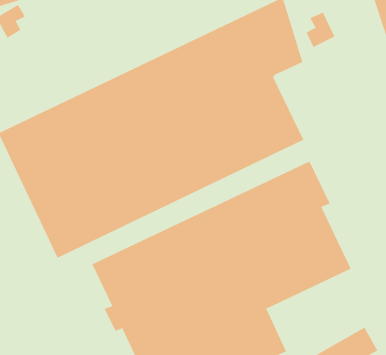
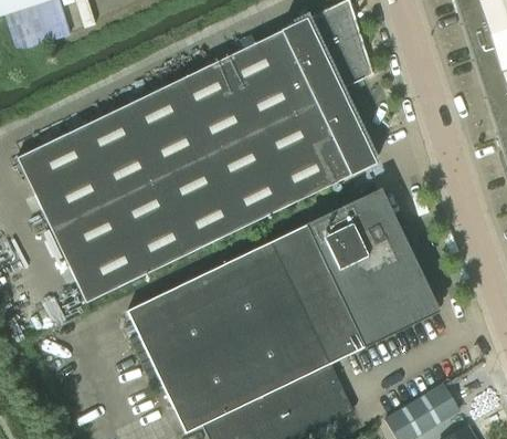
building: [306,12,335,48] -> none

